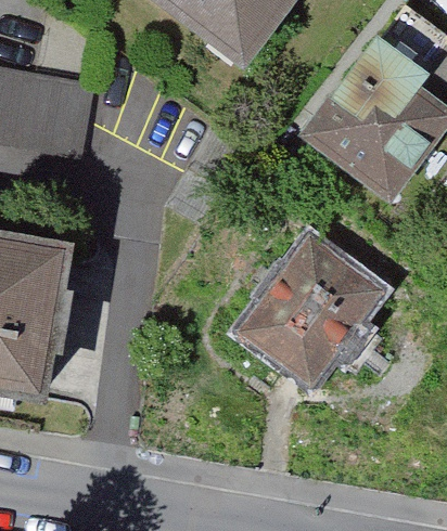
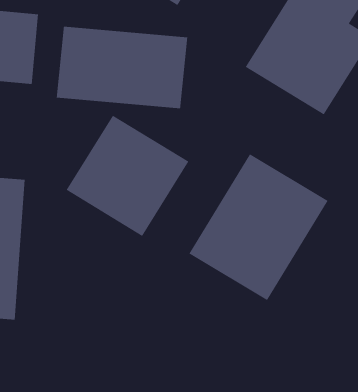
building: none -> [56,26,188,109]
building: none -> [66,115,189,237]

